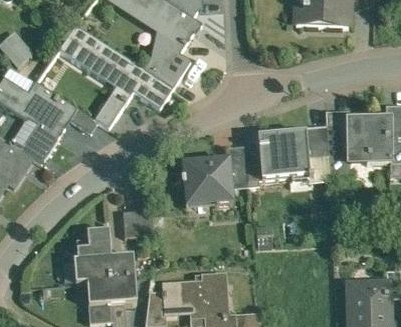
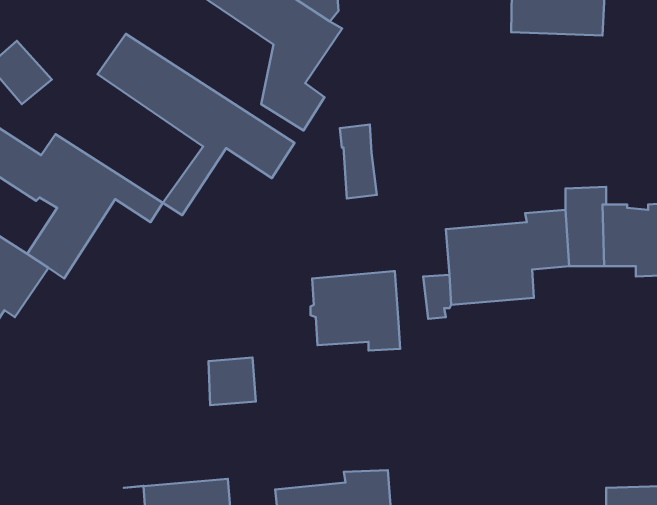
building: [227,148,248,190] -> [340,125,377,199]
building: [73,223,134,284] -> none

